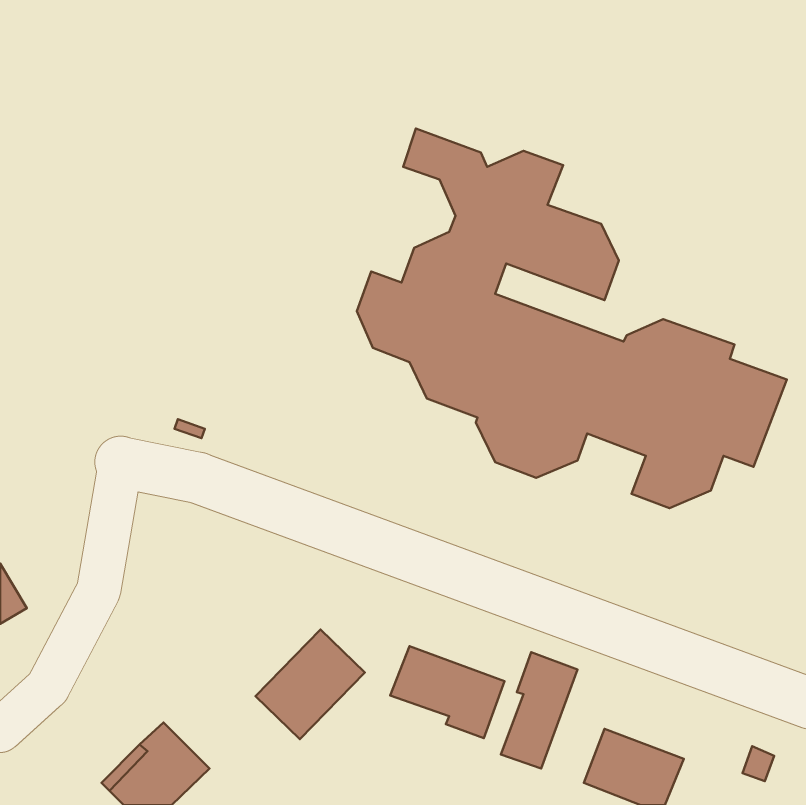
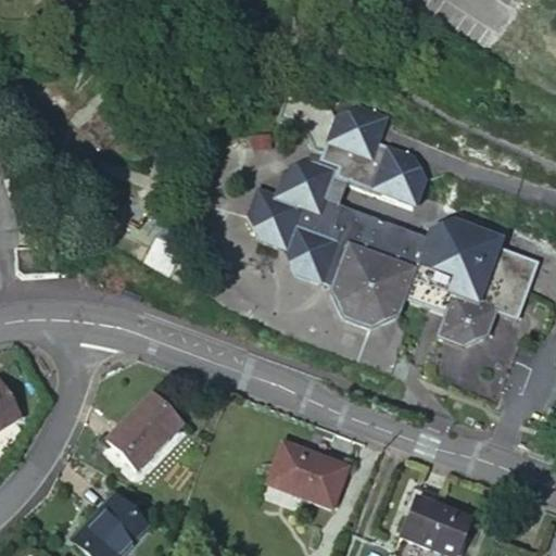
building: [255,630,365,739] -> [109,393,184,468]
building: [501,652,577,768] -> none

